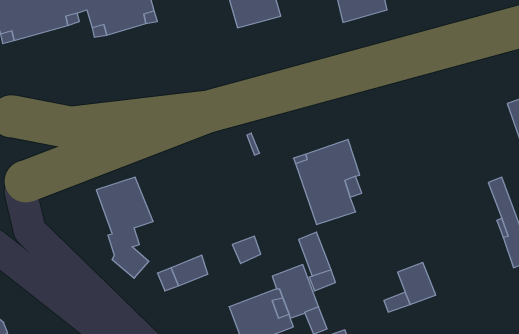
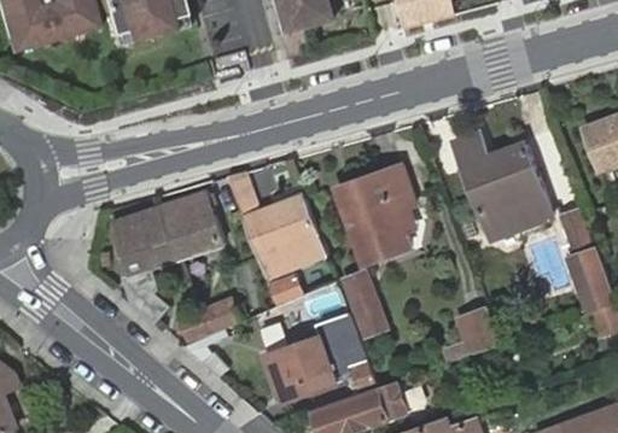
building: none -> [454,134,553,233]
building: none -> [227,170,328,276]
building: none -> [158,192,225,258]

